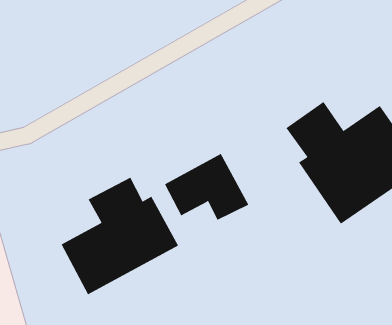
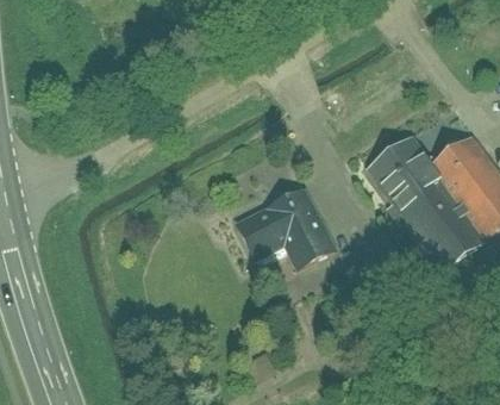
building: [61,177,179,295] -> none

